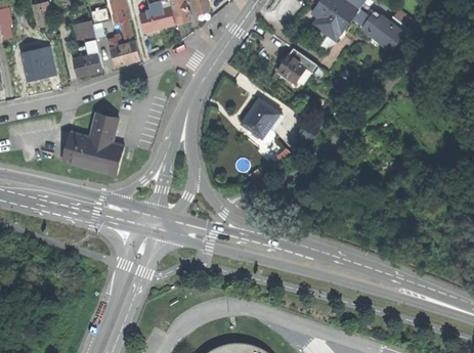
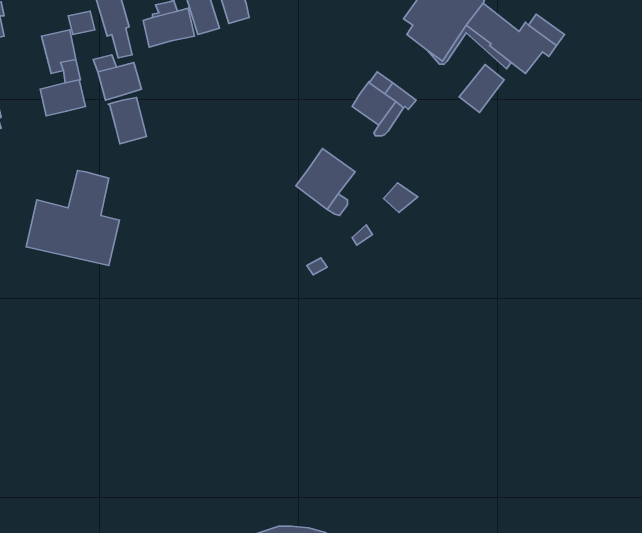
building: none -> [459,65,504,113]
building: none -> [108,98,147,144]

